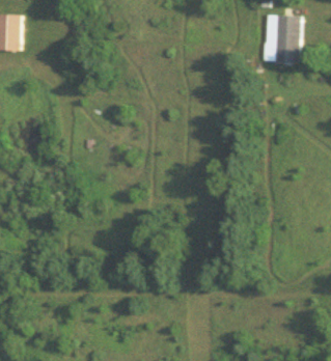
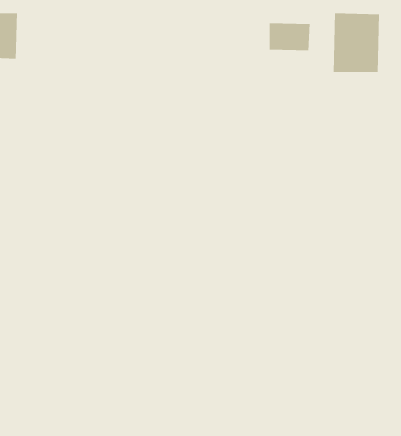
building: none -> [269,23,310,51]

